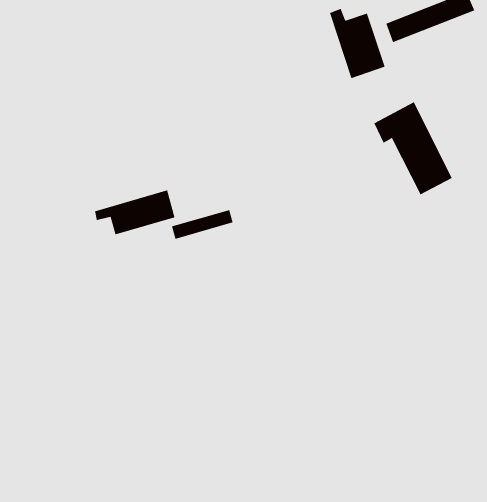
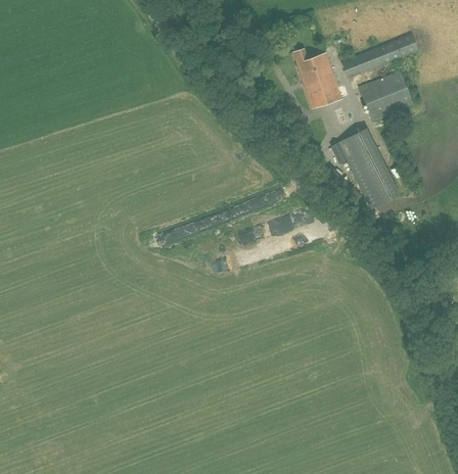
building: none -> [359,70,413,120]
building: [94,190,175,235] -> none

